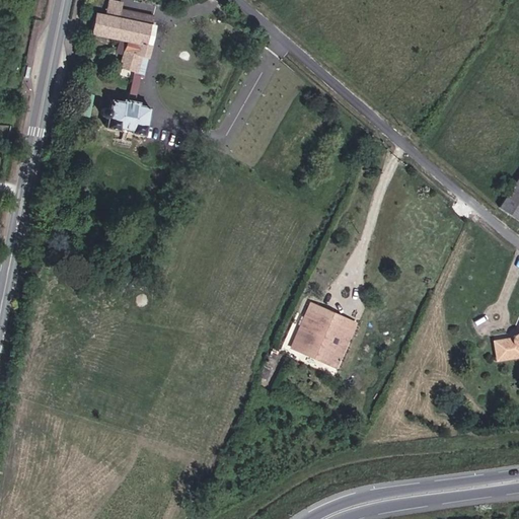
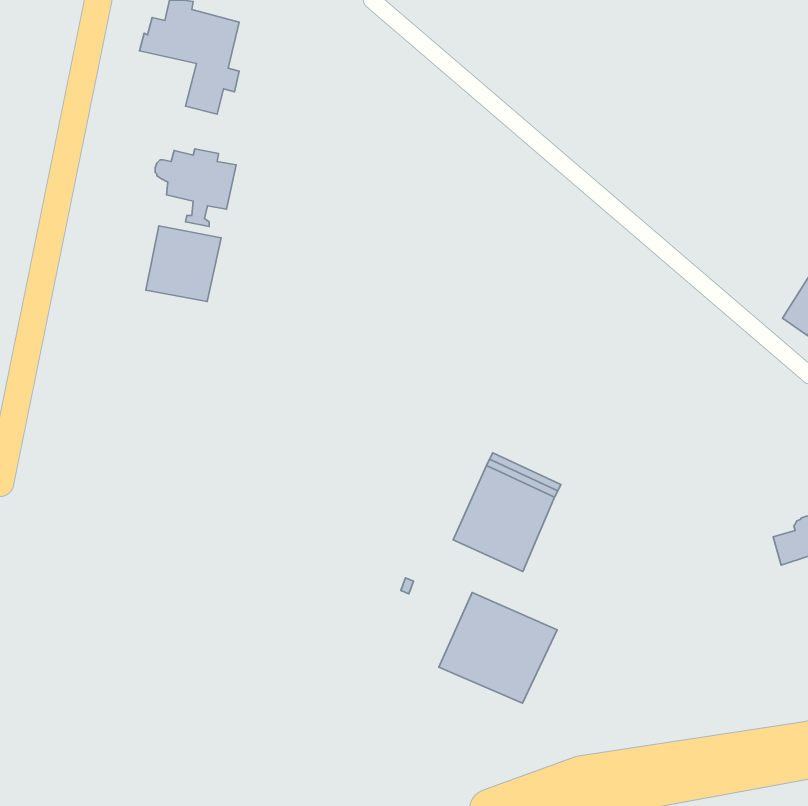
building: none -> [146,226,221,302]
building: none -> [439,593,557,703]

